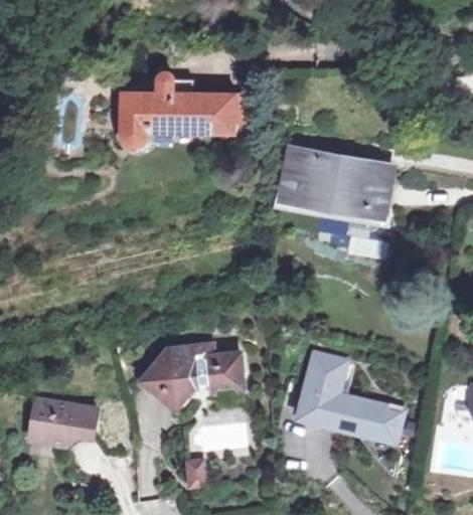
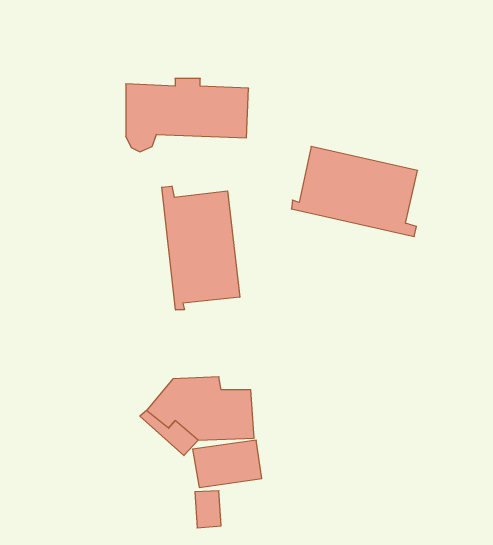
building: none -> [162,186,240,310]
building: [300,350,403,437] -> none
building: [32,399,101,456] -> none

